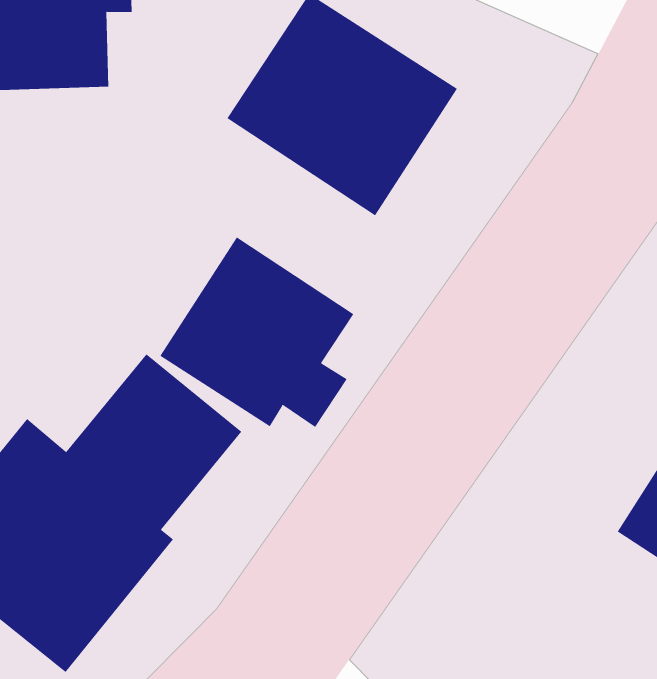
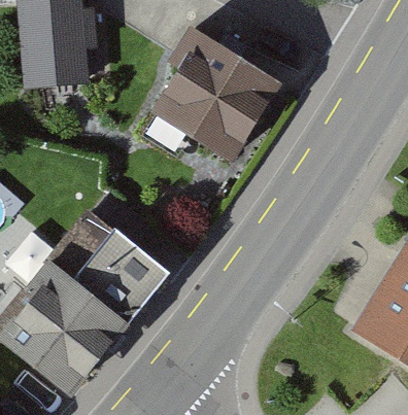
building: [160,237,354,428] -> none

